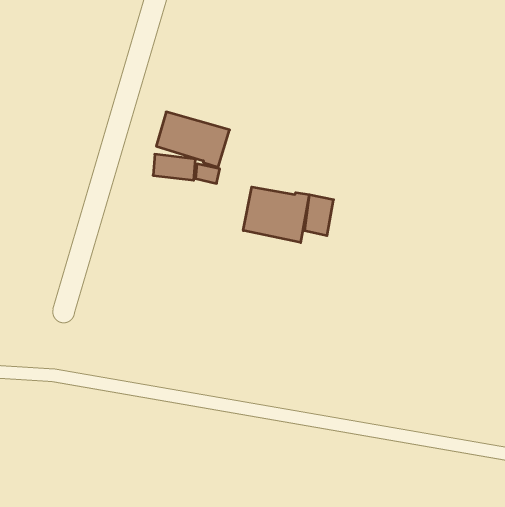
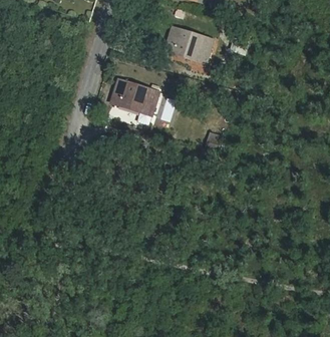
building: none -> [167,27,212,61]
building: [243,187,309,243] -> none

